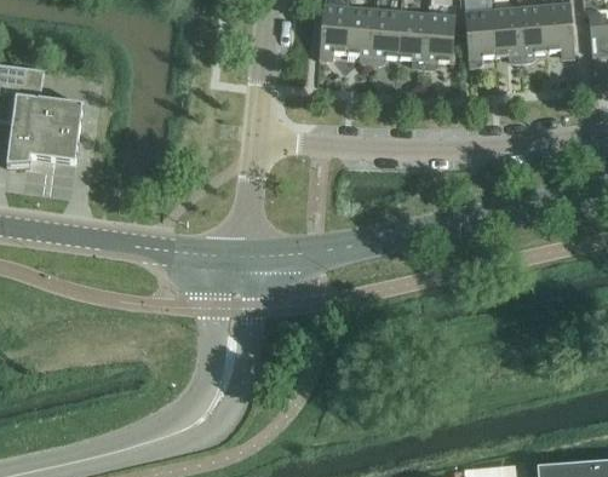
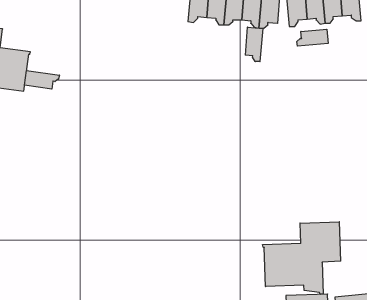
building: none -> [245,27,263,62]
building: none -> [297,29,328,46]
building: none -> [25,71,59,89]
building: none -> [263,222,341,294]

